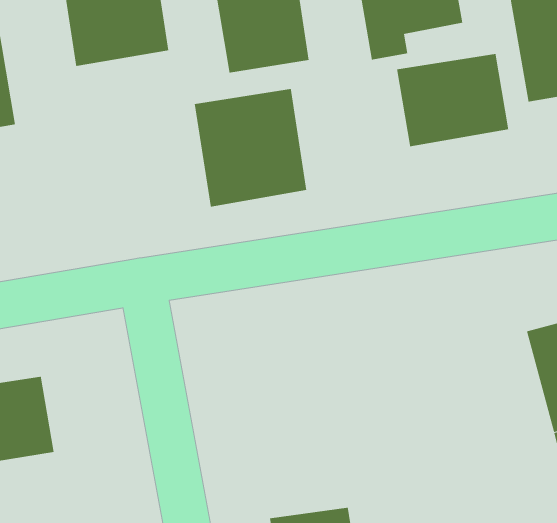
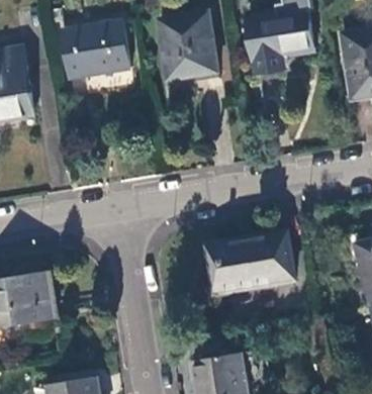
building: [396,53,509,147] -> none
building: [194,88,307,207] -> none
building: none -> [208,233,294,292]

